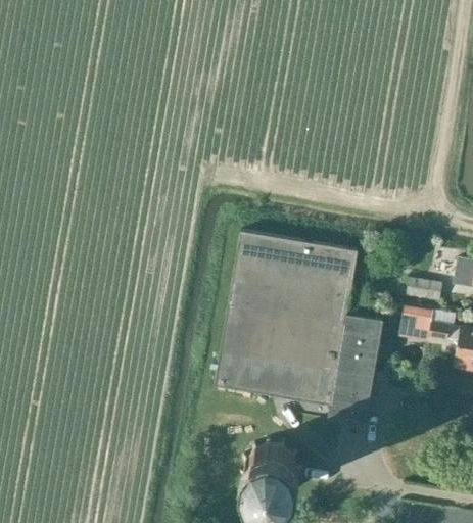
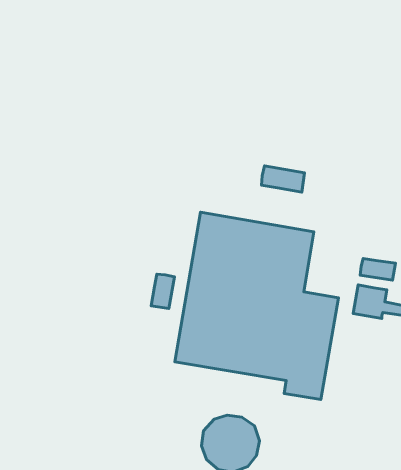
building: none -> [262,166,305,192]
building: none -> [151,274,174,309]

